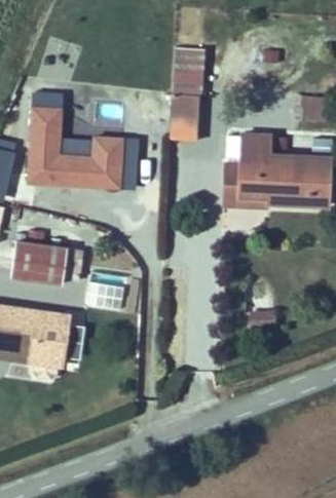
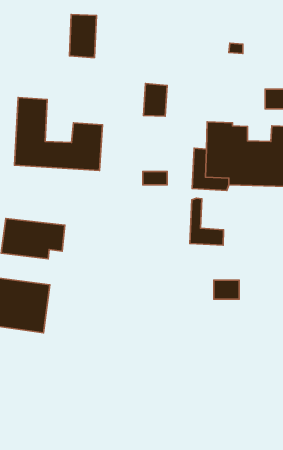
building: [173,48,202,95] -> [69,14,97,58]
building: none -> [190,198,224,245]

